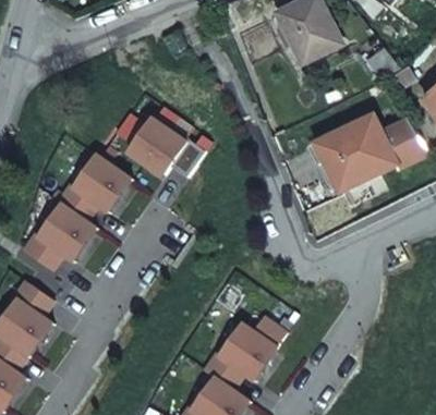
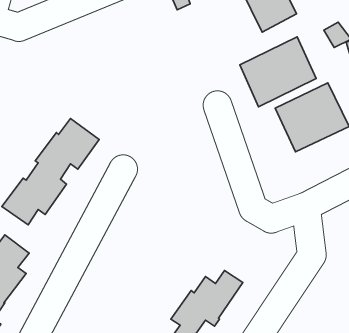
building: none -> [240,37,316,107]
building: [131,118,203,175] -> none

